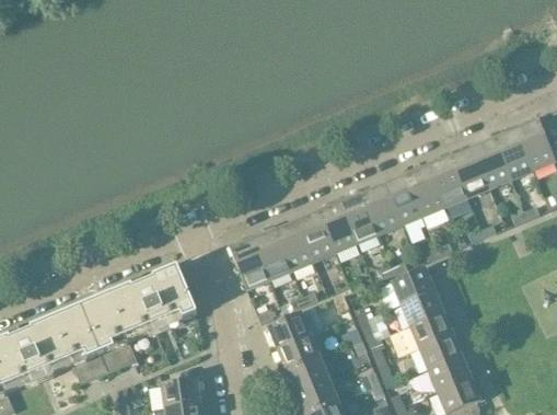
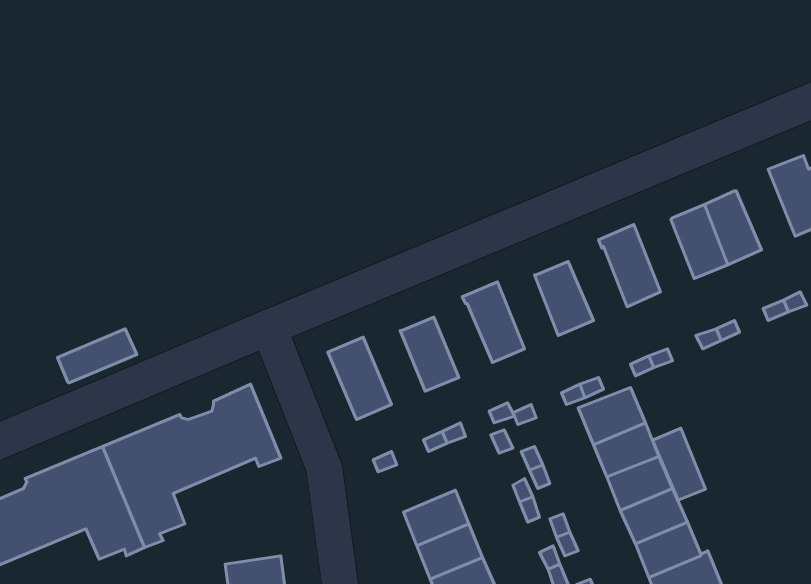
building: [491,127,532,180] -> none
building: [427,154,466,207] -> none
building: [384,177,422,226] -> none
building: [338,191,378,244] -> none
building: [297,215,335,263] -> none
building: [251,228,291,280] -> none
building: none -> [58,329,137,383]
building: none -> [652,428,705,500]
building: [267,308,318,350] -> none

